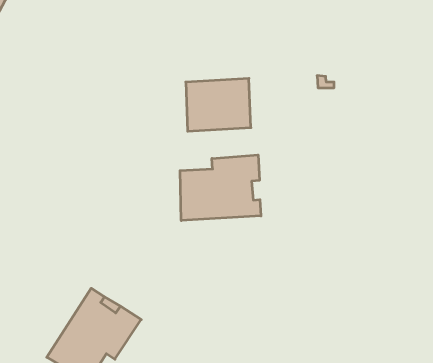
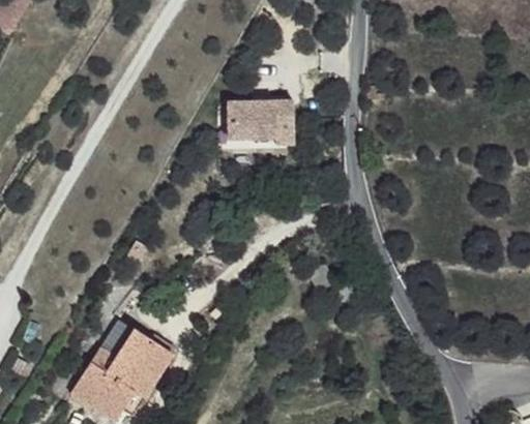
building: [180,155,261,221] -> none

